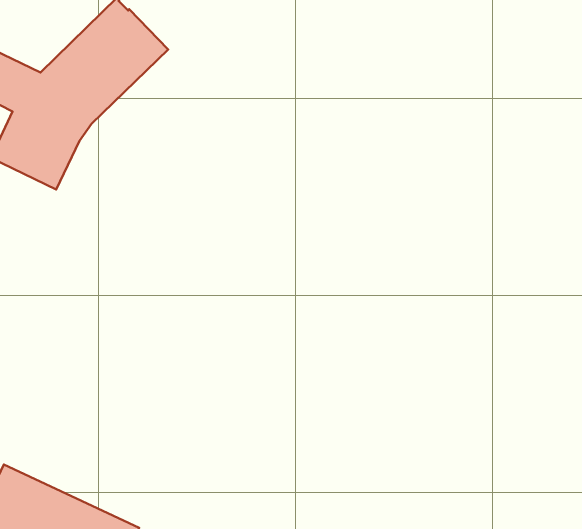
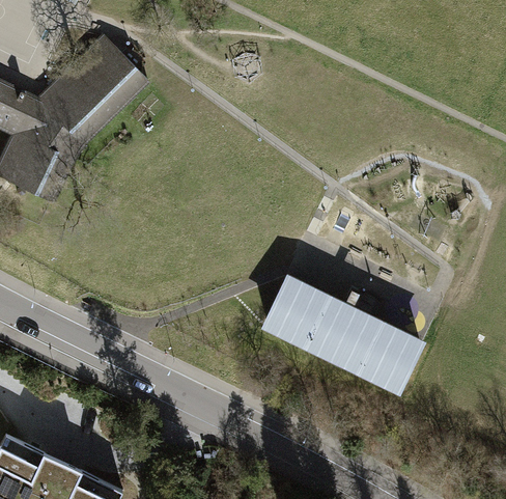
building: none -> [258,274,424,395]

